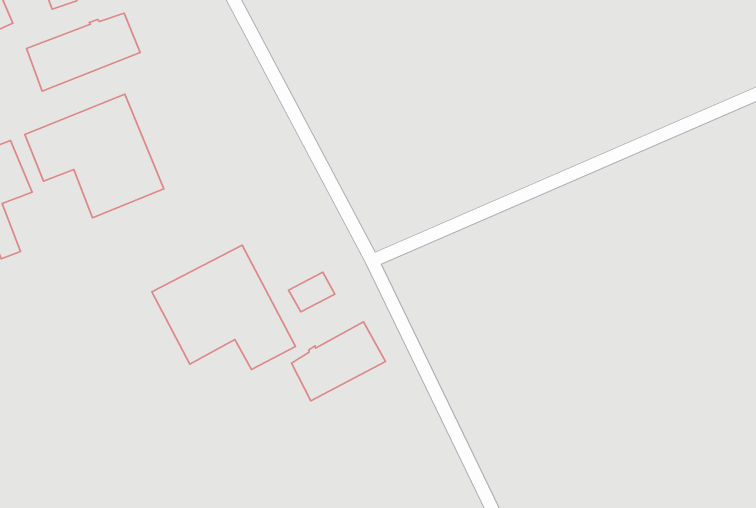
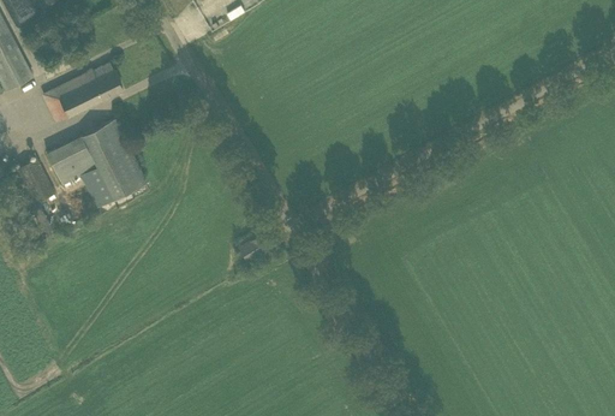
building: [152,245,295,370] -> none
building: [291,322,385,401] -> none

